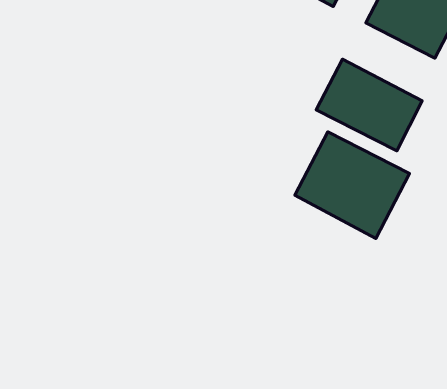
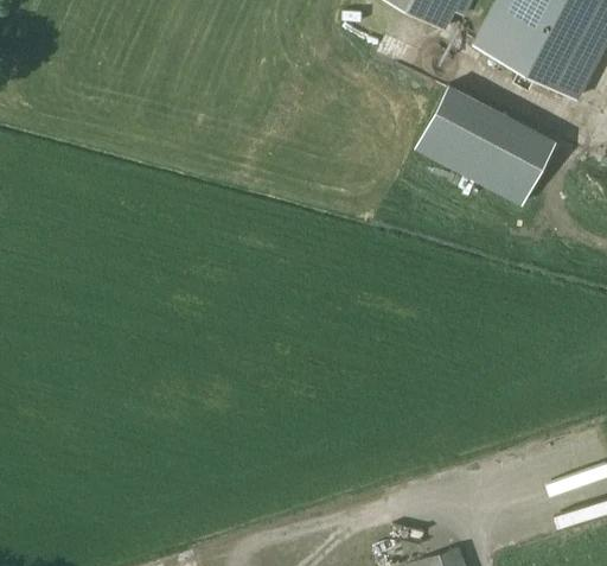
building: [295,132,409,238] -> none

